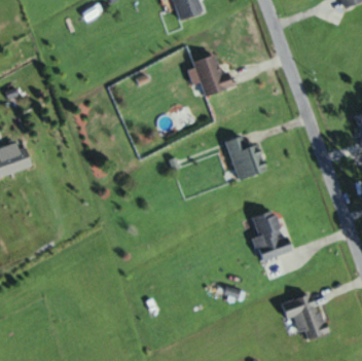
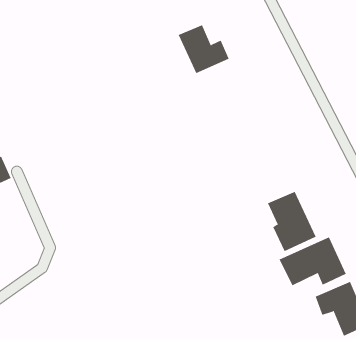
building: [224,136,266,180] -> none
building: none -> [279,236,347,286]

